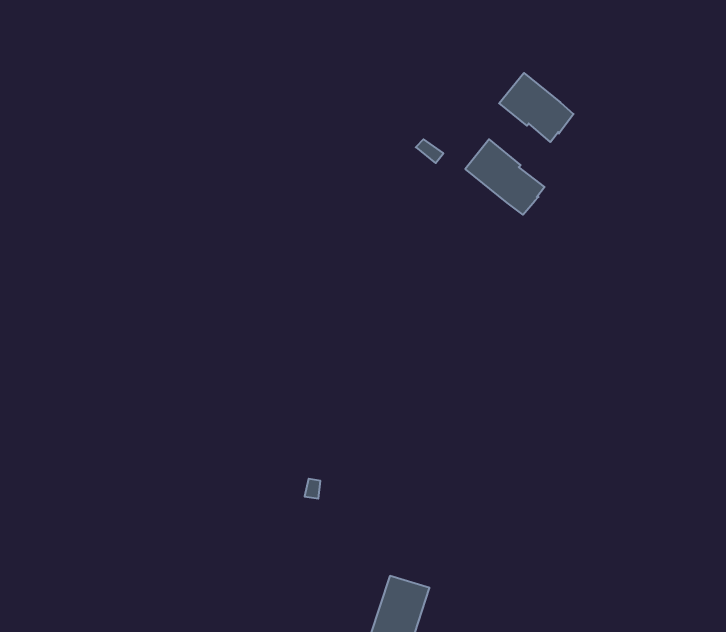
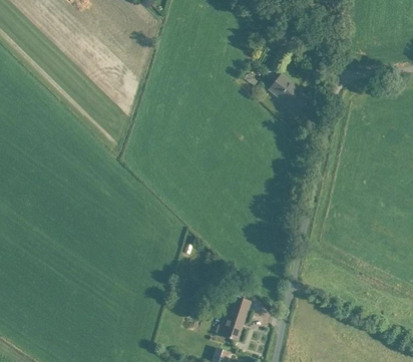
building: [499,73,574,142] -> none

